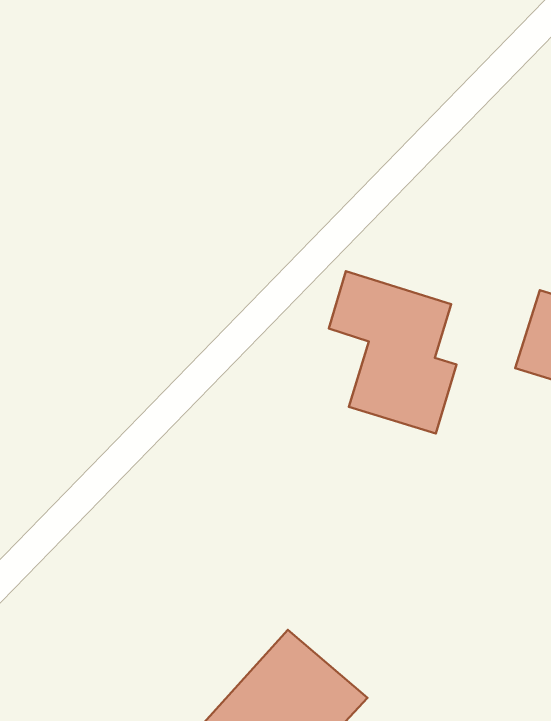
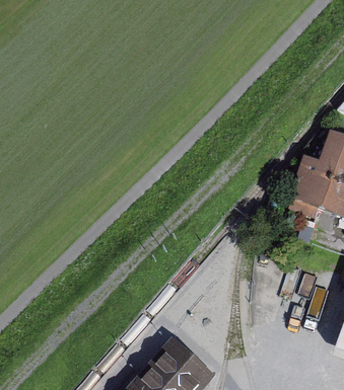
building: [329,271,457,434] -> none

